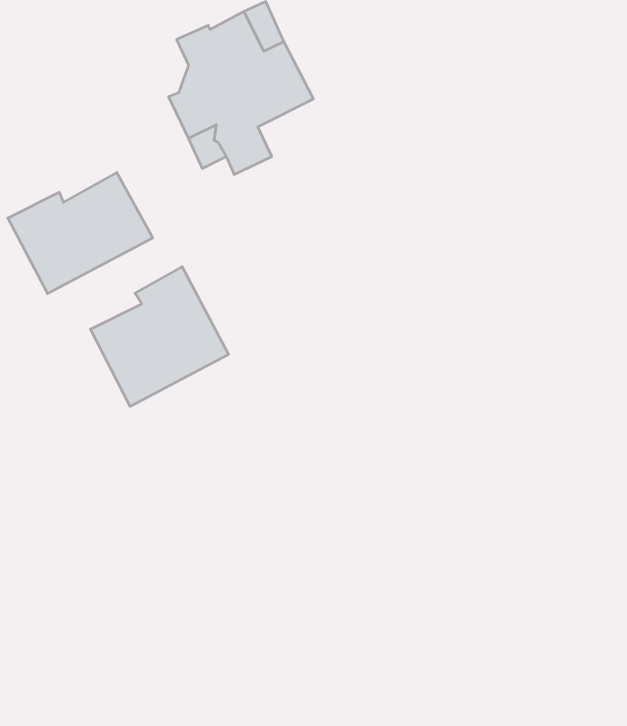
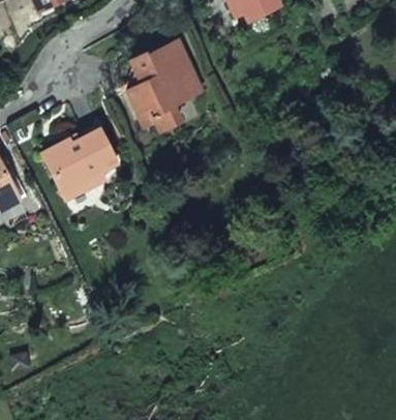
building: [90,267,229,406] -> none

